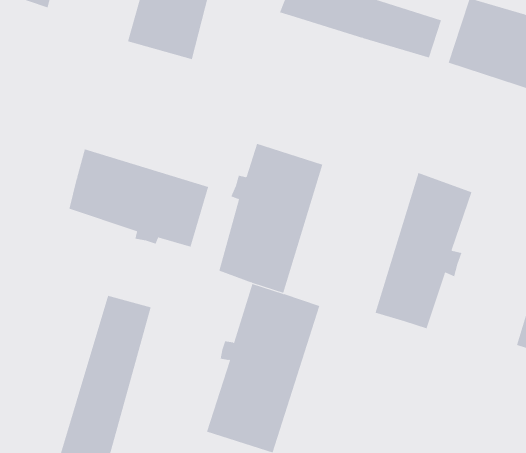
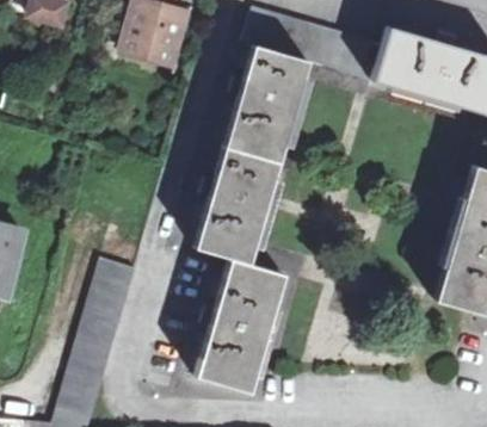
building: none -> [228,43,312,159]
building: [69,149,209,248] -> none
building: [375,172,472,329] -> none

